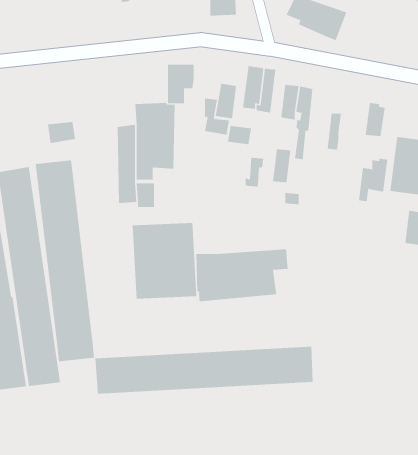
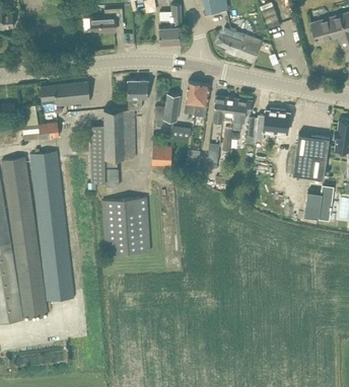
building: none -> [41,81,90,104]
building: none -> [233,98,252,130]
building: none -> [152,145,171,166]
building: [358,158,388,202] -> [256,107,278,140]
building: [196,248,288,302] -> none
building: [95,346,313,394] -> none

